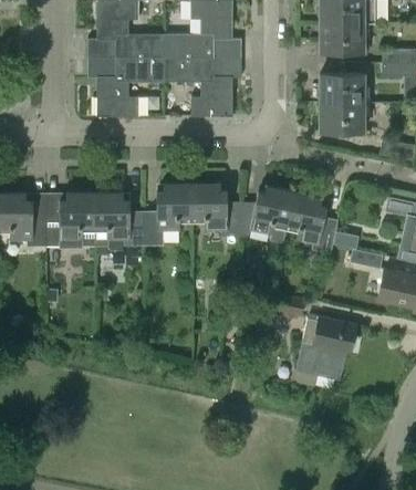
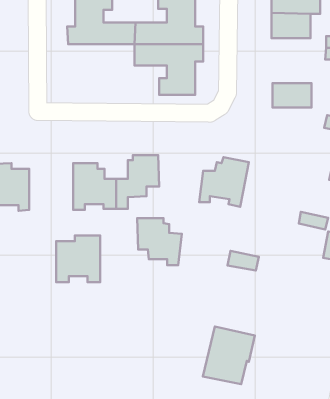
building: [90,58,165,115] -> none
building: [321,73,365,102] -> none
building: [191,184,242,237] -> [137,218,182,265]
building: [288,191,337,252] -> none
building: [45,192,95,246] -> [56,235,100,282]
building: [298,313,356,378] -> [203,327,255,384]

